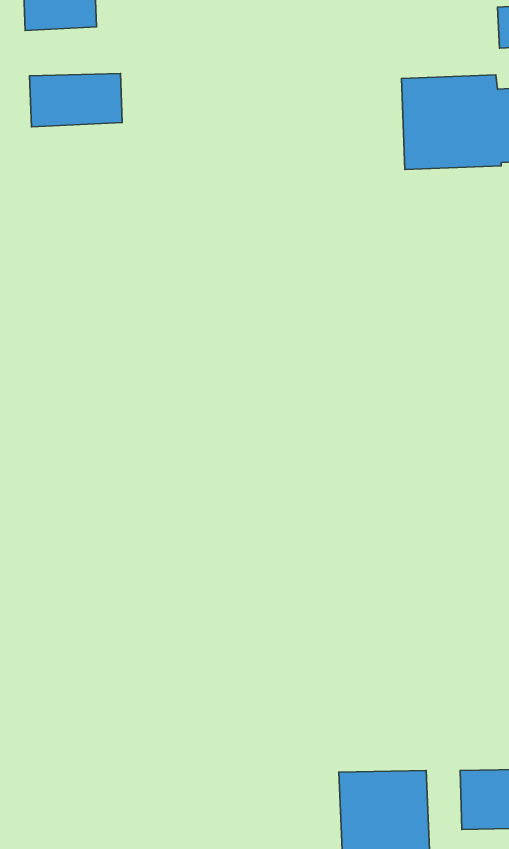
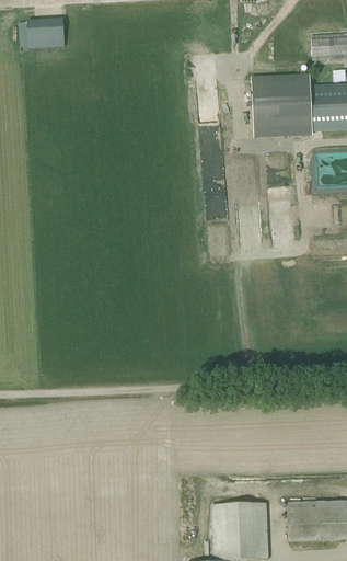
building: [30,73,122,127] -> none

